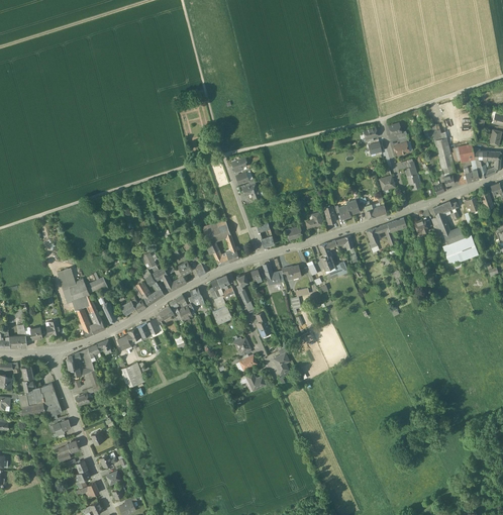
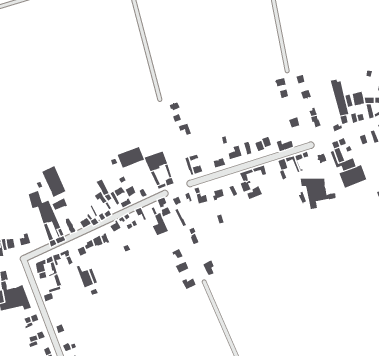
building: none -> [117,146,145,169]
building: none -> [42,165,66,198]
building: none -> [300,178,336,210]

